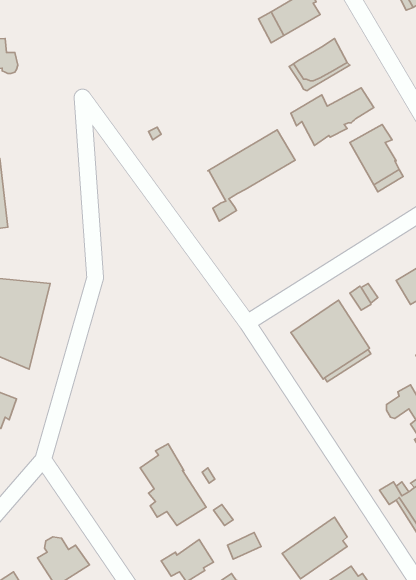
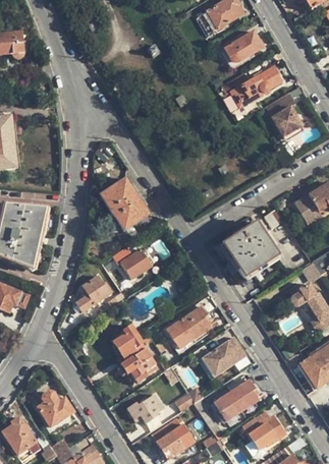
building: [208,130,295,221] -> none
building: none -> [100,177,151,232]
building: none -> [114,248,153,279]
building: none -> [73,275,112,313]
building: none -> [162,304,212,354]
building: none -> [203,337,248,378]

